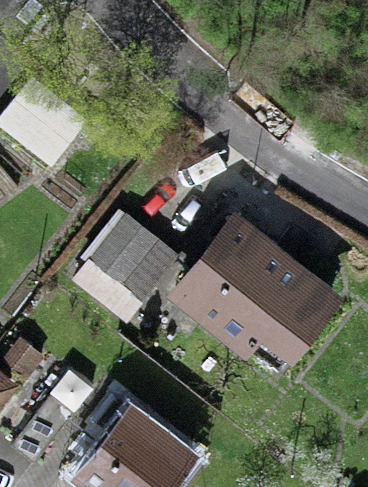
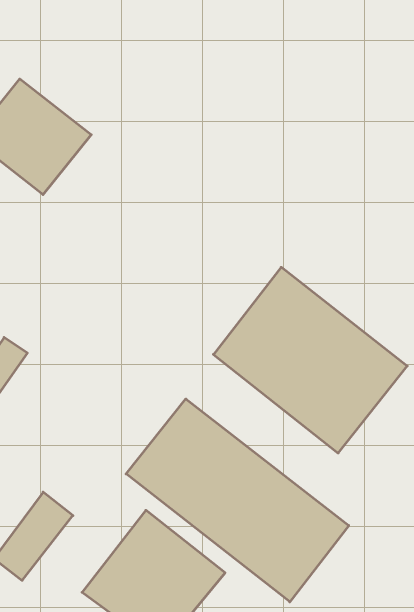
building: [78,215,177,302] -> none
building: none -> [126,399,349,602]

